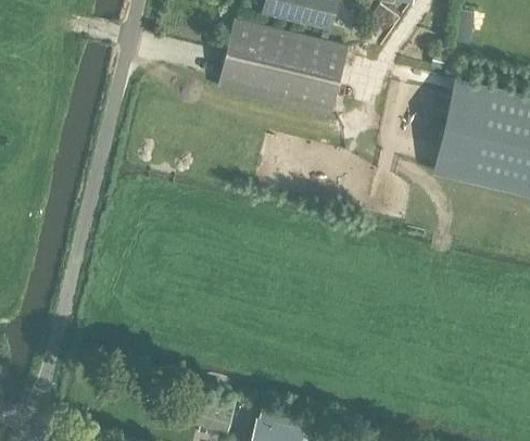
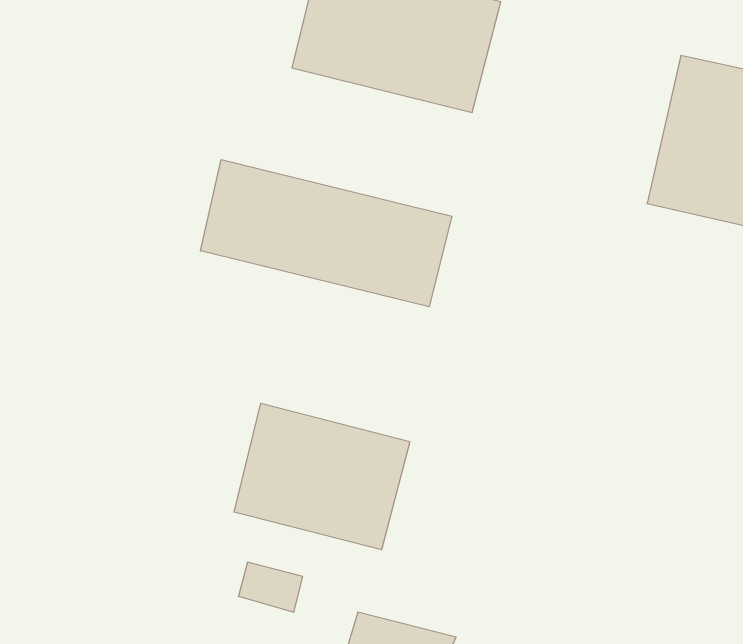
building: none -> [200,160,452,307]
building: none -> [234,403,410,550]

